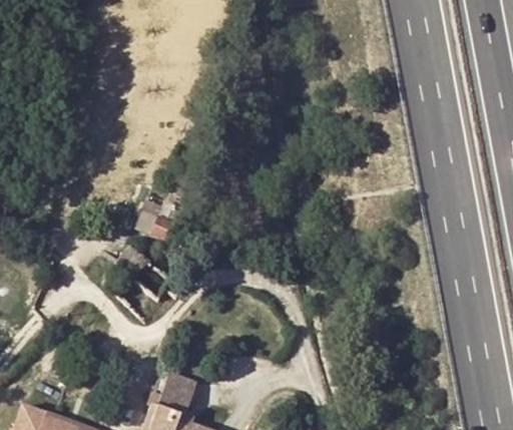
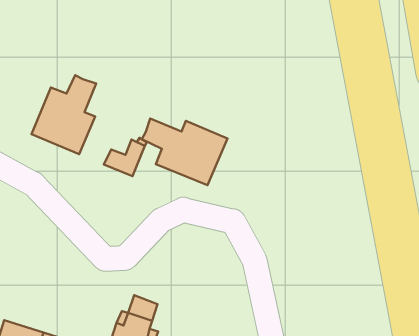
building: none -> [32,75,96,154]
building: none -> [142,118,227,185]

